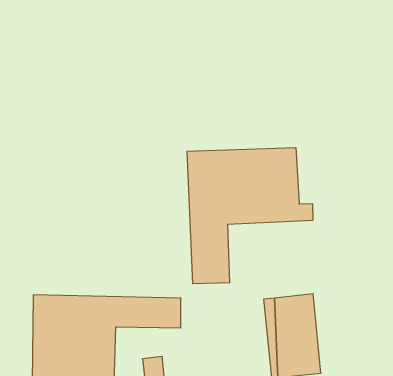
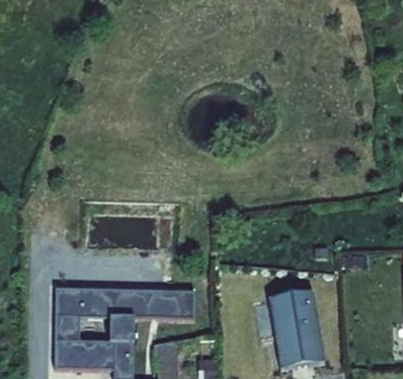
building: [187,148,313,284] -> none

